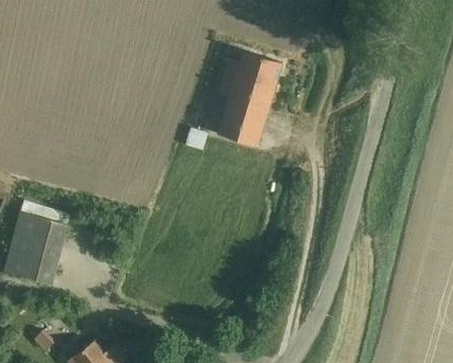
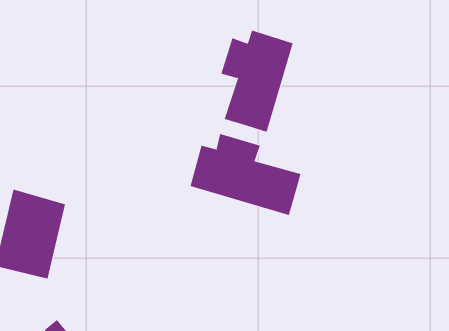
building: none -> [190,133,301,216]

